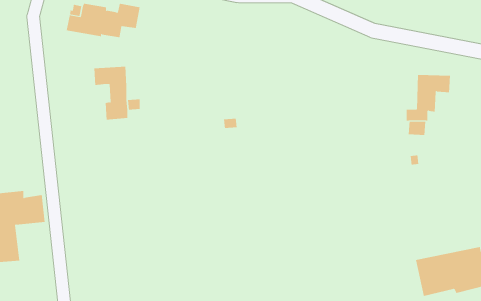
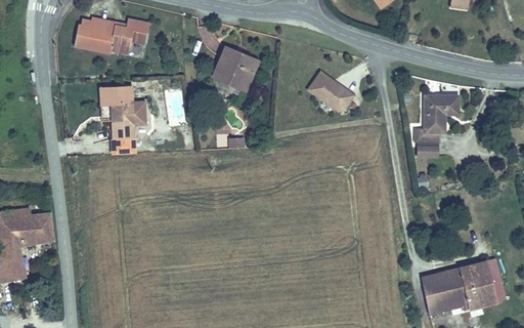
building: none -> [213,43,259,84]
building: none -> [308,64,354,108]

